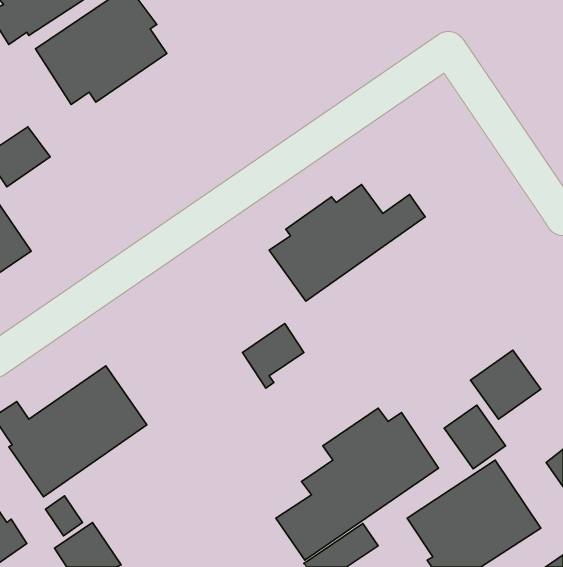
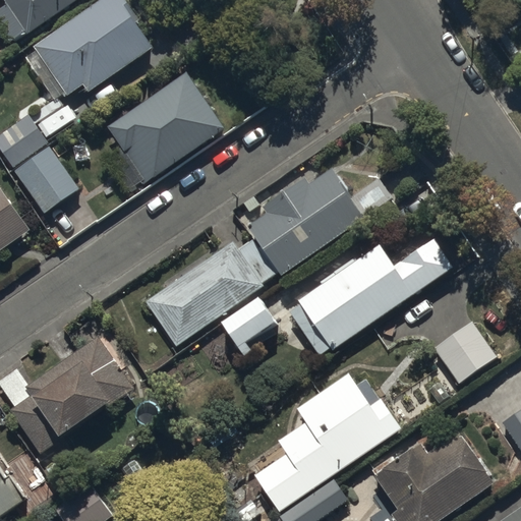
building: none -> [106,72,224,183]
building: none -> [11,146,78,215]
building: none -> [285,238,453,357]
building: none -> [143,239,275,345]
building: [444,405,506,469] -> none

